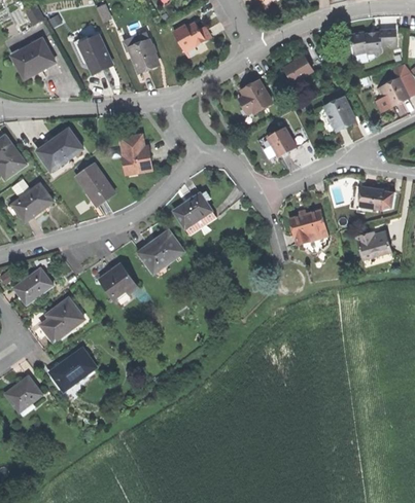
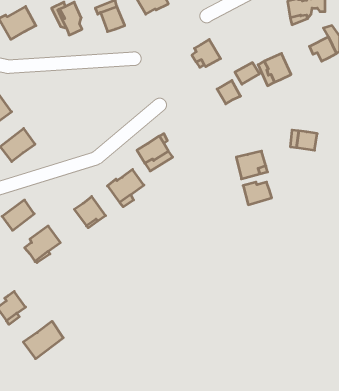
building: [283,55,312,80] -> [235,63,259,84]
building: [36,128,82,169] -> none
building: [120,135,150,173] -> none
building: [75,164,113,205] -> none
building: [357,231,391,258] -> [243,182,272,205]
building: [47,347,95,391] -> [23,321,63,359]

